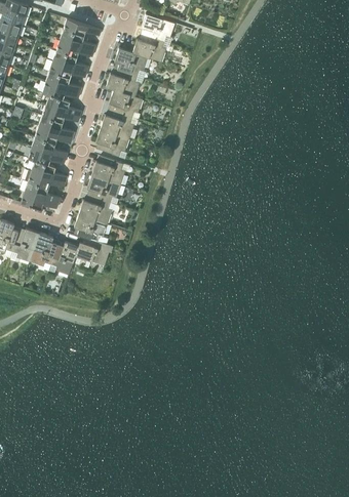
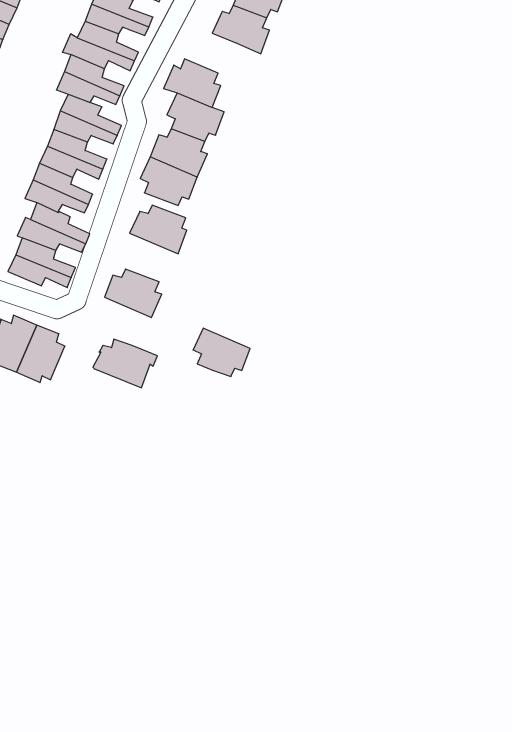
building: [114,46,148,75] -> none
building: [87,173,121,201] -> none
building: [74,212,108,240] -> [193,328,250,377]
building: [50,240,79,274] -> none

